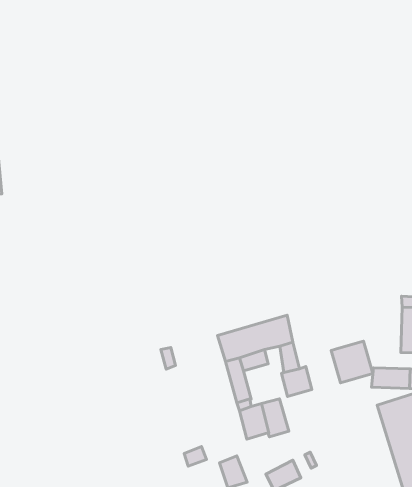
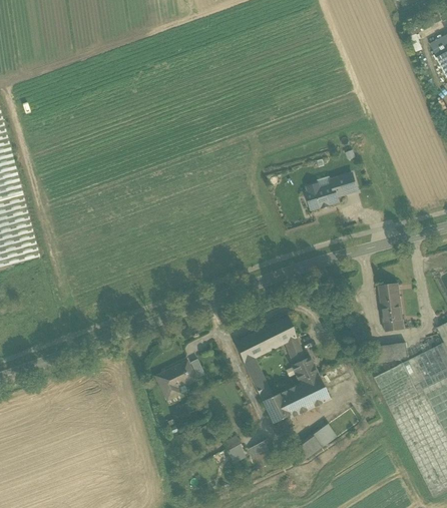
building: none -> [306,173,357,209]
building: [331,341,373,383] -> [293,374,330,411]
building: none -> [154,364,194,400]

